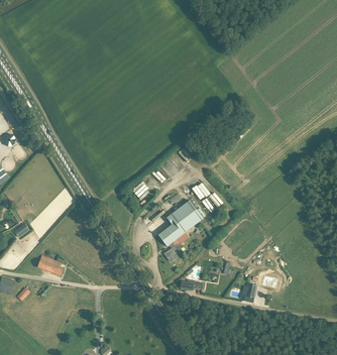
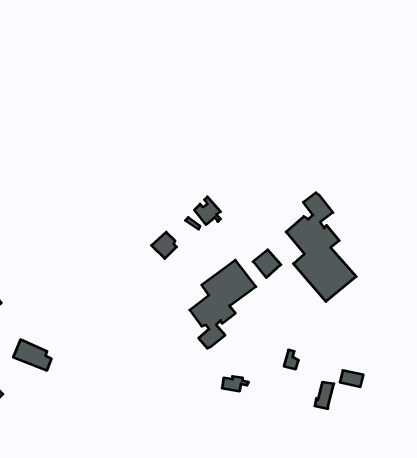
building: none -> [286,193,356,302]

